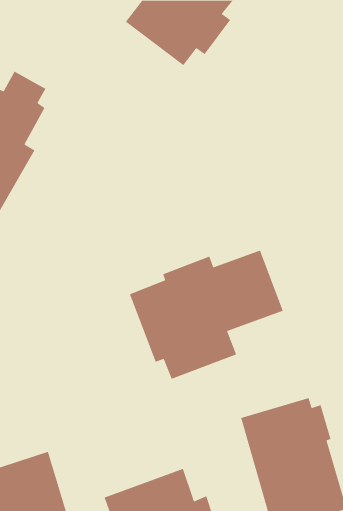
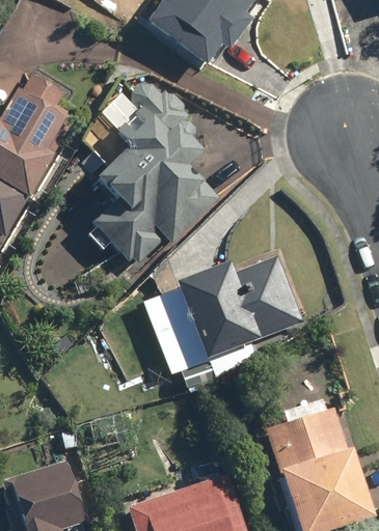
building: none -> [88,76,218,271]

